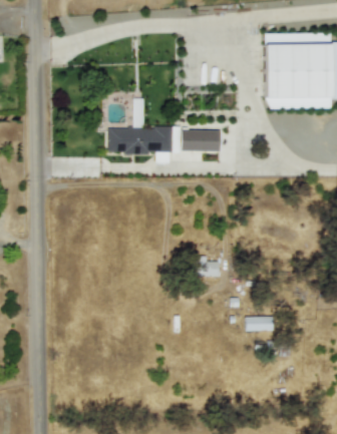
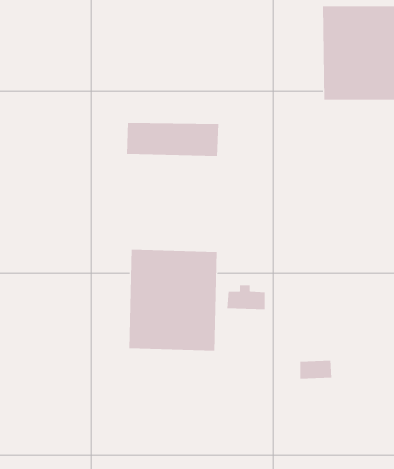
building: [183,129,221,150] -> none
building: none -> [129,249,217,352]

